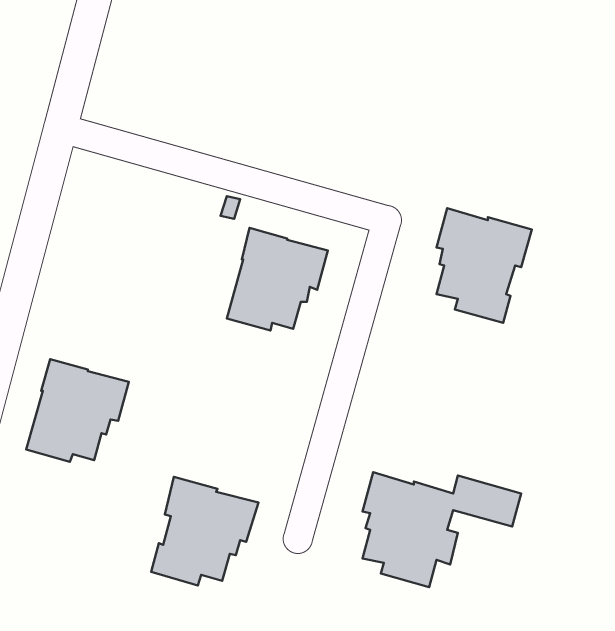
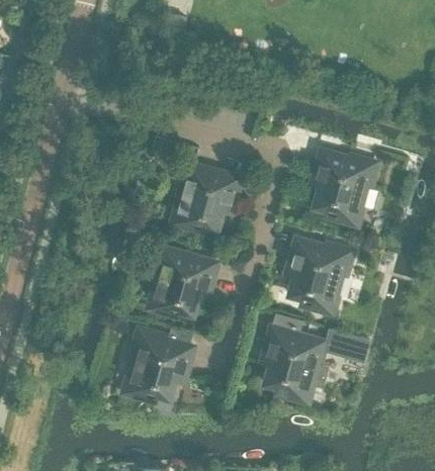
building: none -> [288,238,352,314]
building: [26,359,129,462] -> [149,247,218,315]

